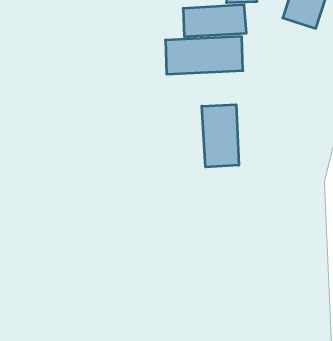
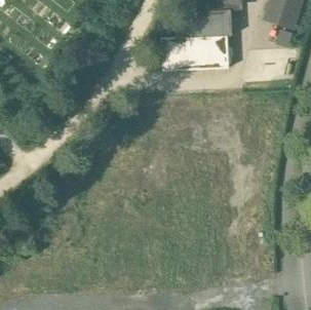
building: [202,105,239,167] -> none

